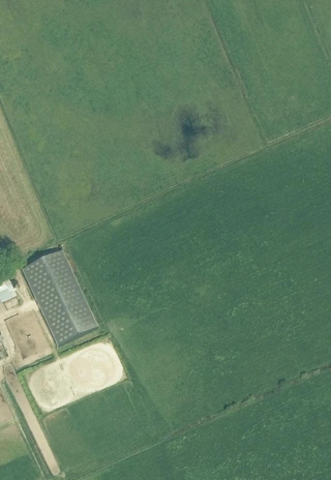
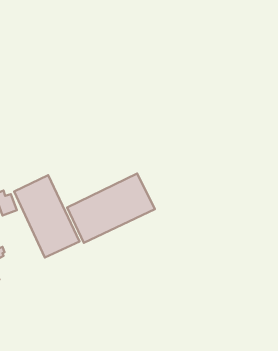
building: none -> [67,173,155,243]

